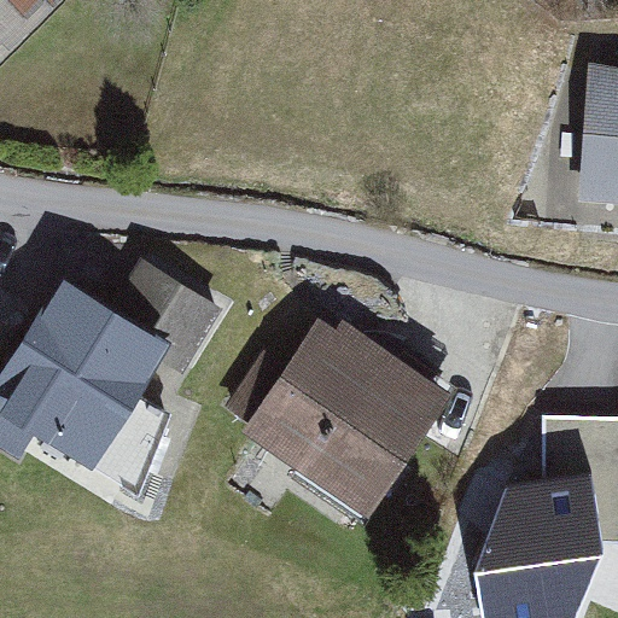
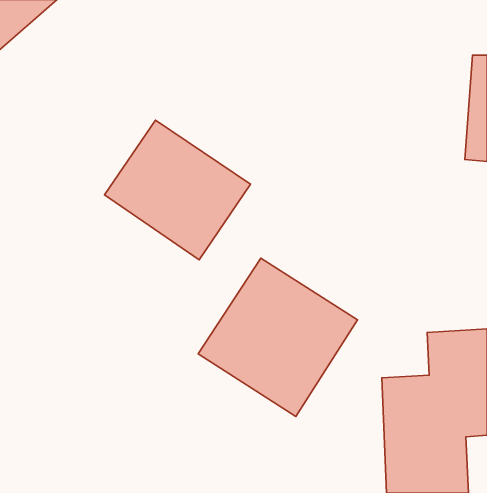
building: none -> [104,120,251,260]
building: [5,246,222,464] -> none

